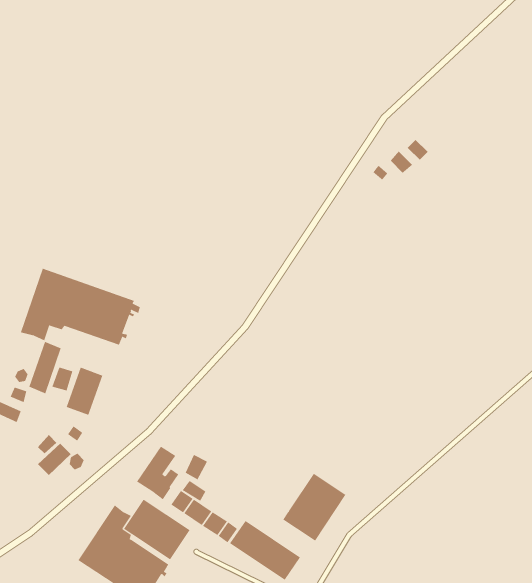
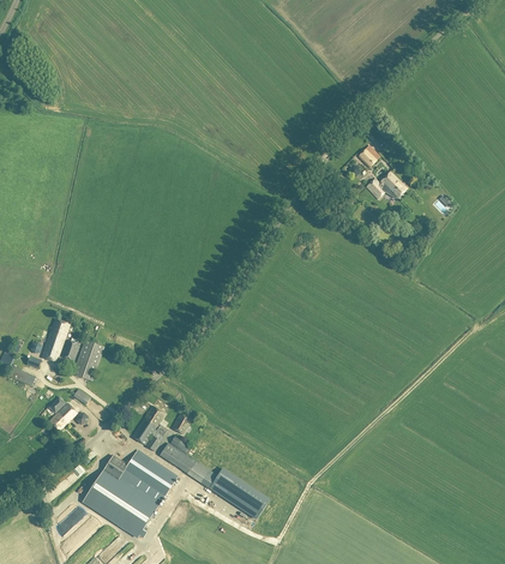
building: none -> [366,172,407,198]
building: [20,268,140,345] -> none
building: [283,473,346,541] -> none

